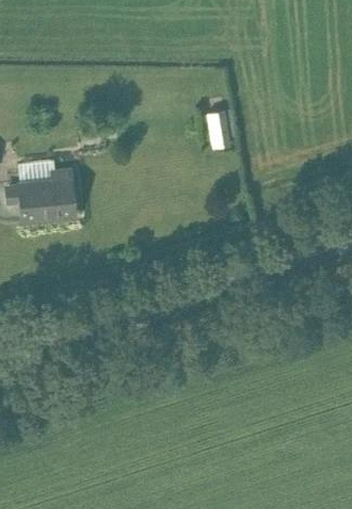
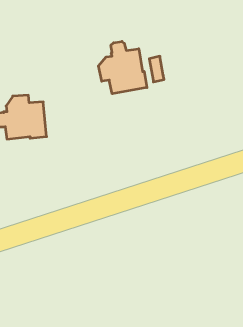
building: none -> [98,41,147,94]

